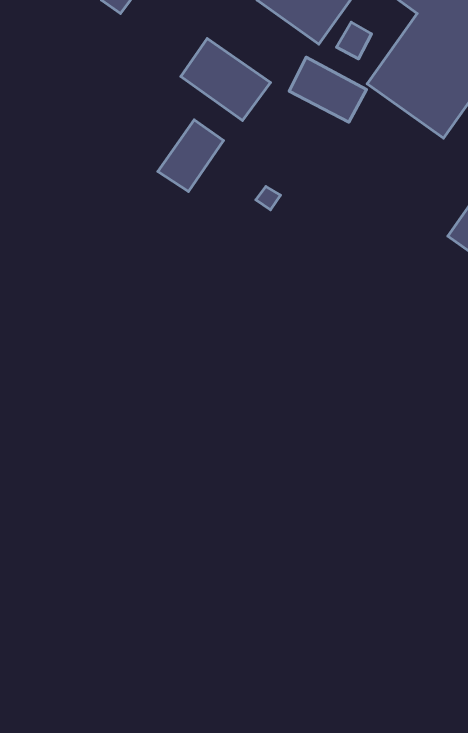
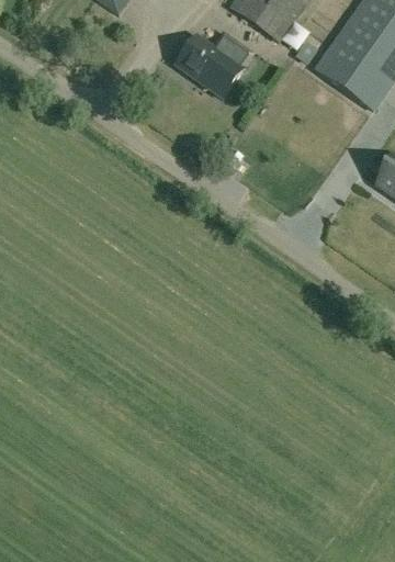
building: [289,57,367,122] -> none
building: [158,120,224,192] -> none

